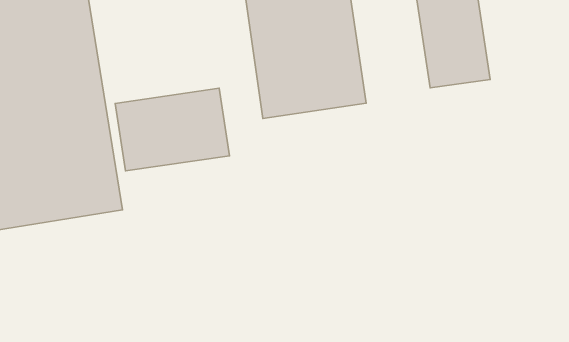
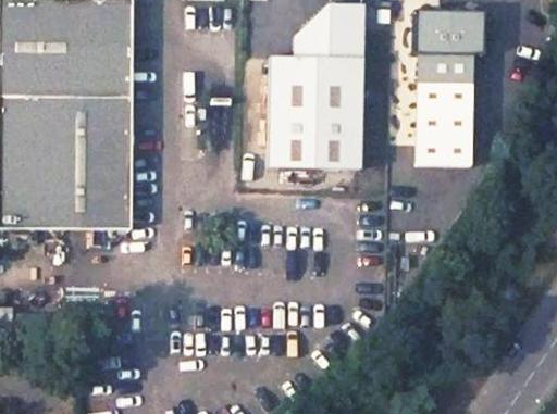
building: [115,88,230,171] -> none

